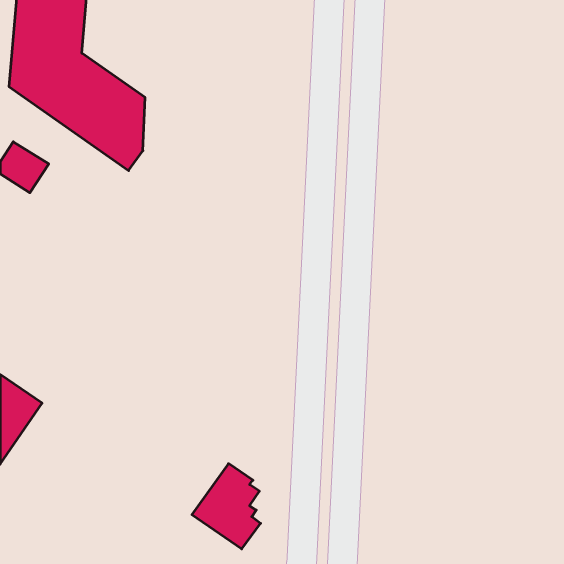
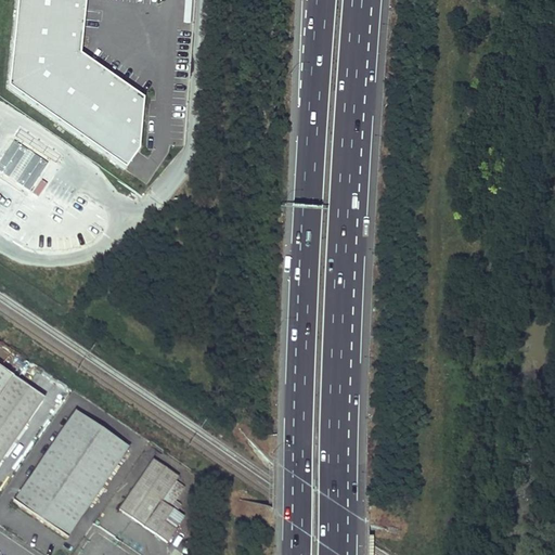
building: none -> [14,409,129,535]
building: [192,464,261,549] -> [116,456,183,540]

